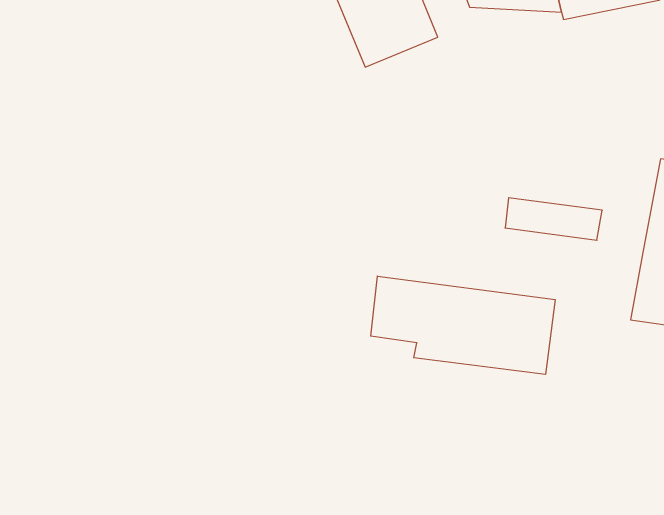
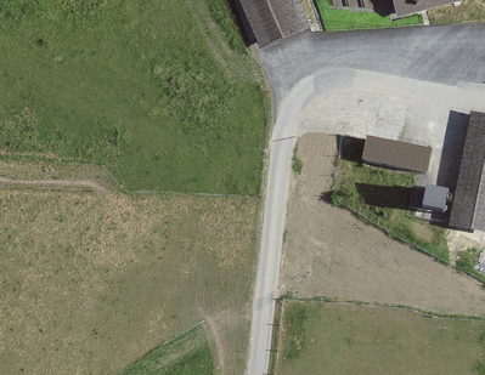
building: [371,276,555,374] -> none

